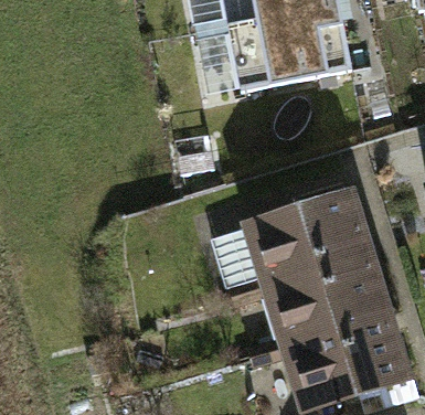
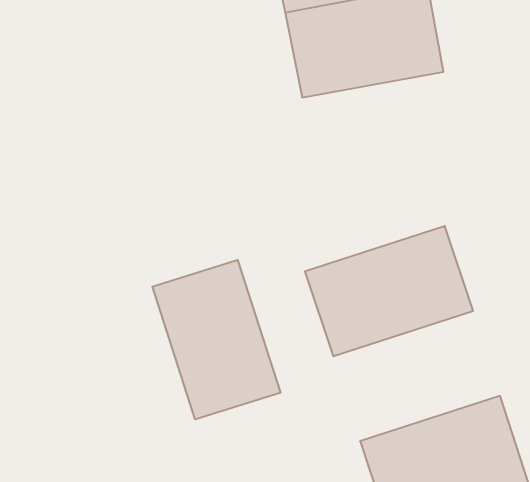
building: none -> [152,260,280,419]
building: [264,253,394,354] -> none

